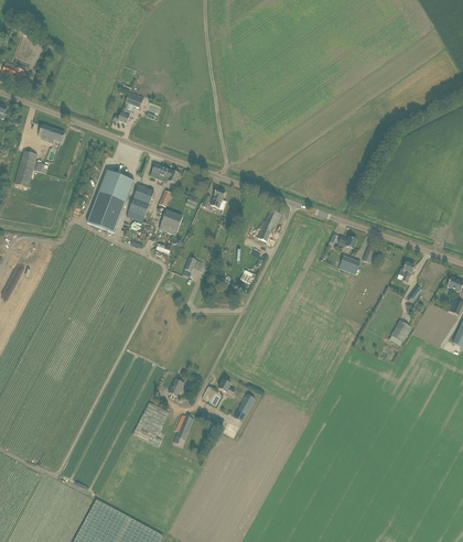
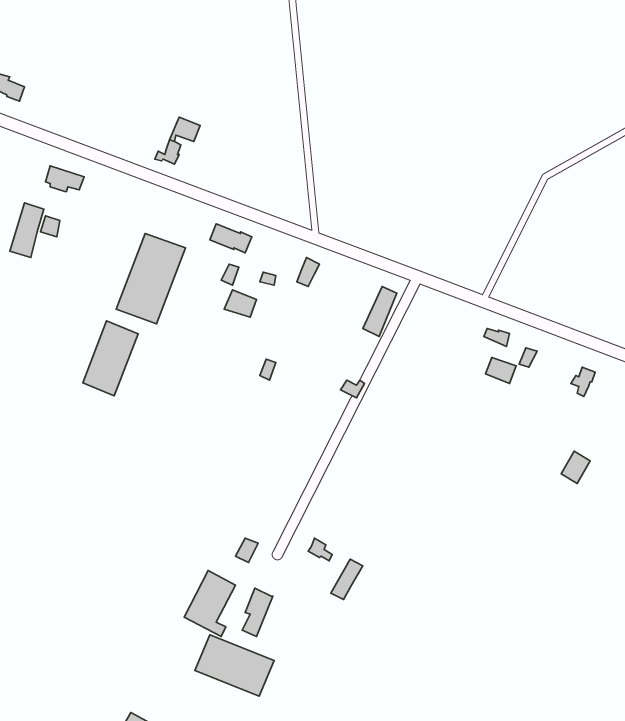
building: [128,185,153,215] -> none
building: none -> [83,321,138,396]
building: none -> [195,635,274,696]

